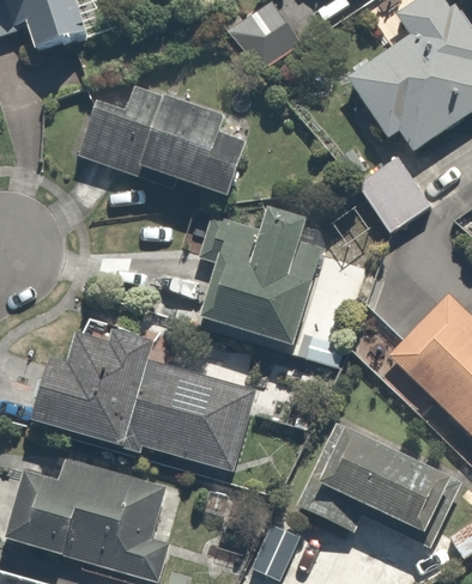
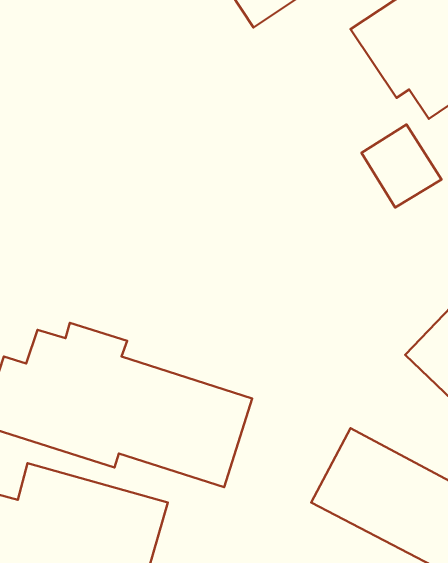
building: [72,87,236,203] -> none
building: [192,200,321,346] -> none

